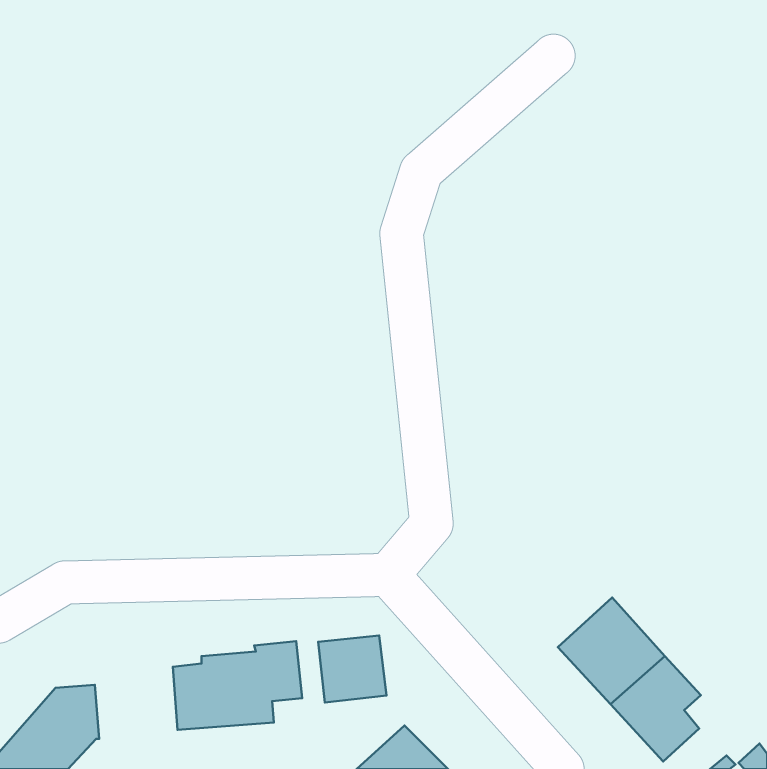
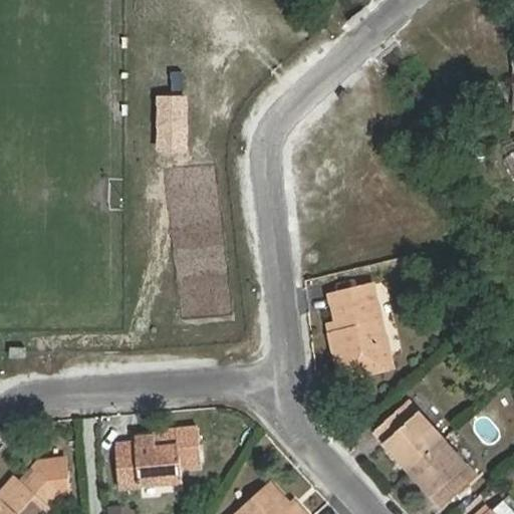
building: none -> [154,96,186,154]
building: none -> [329,284,392,378]
building: [318,635,386,703] -> none

